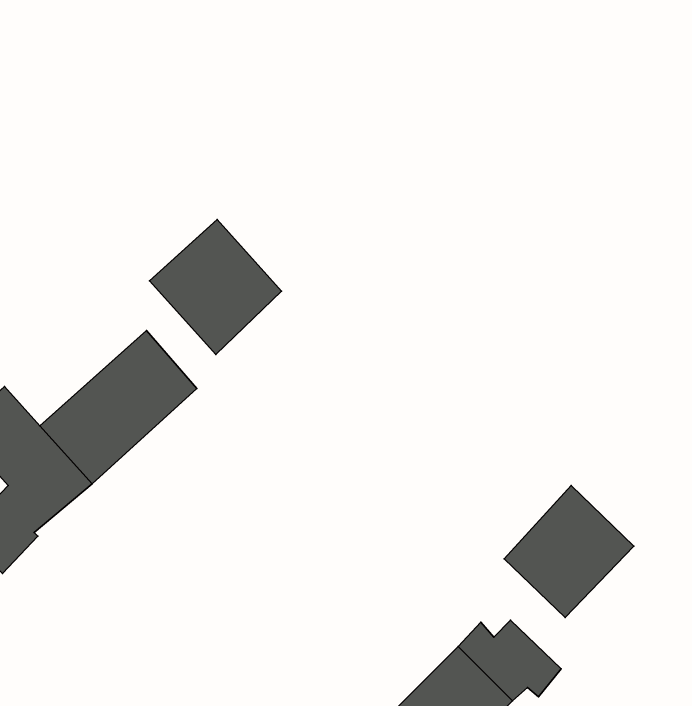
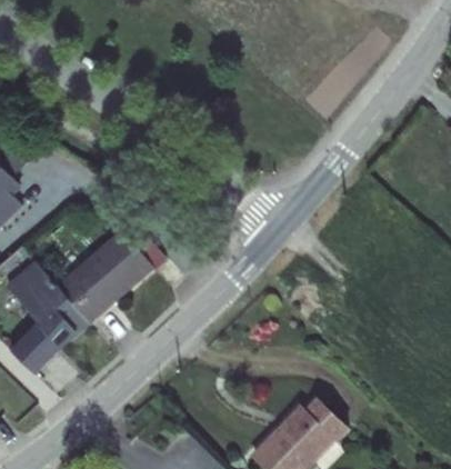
building: [149,219,282,354] -> none
building: [504,486,634,617] -> none

